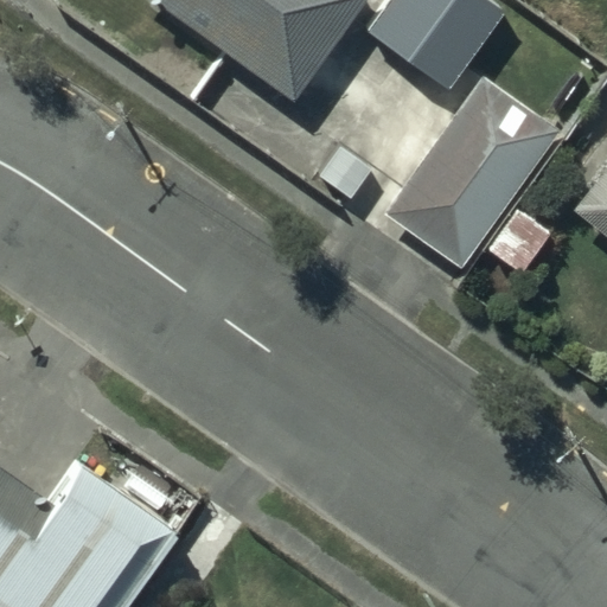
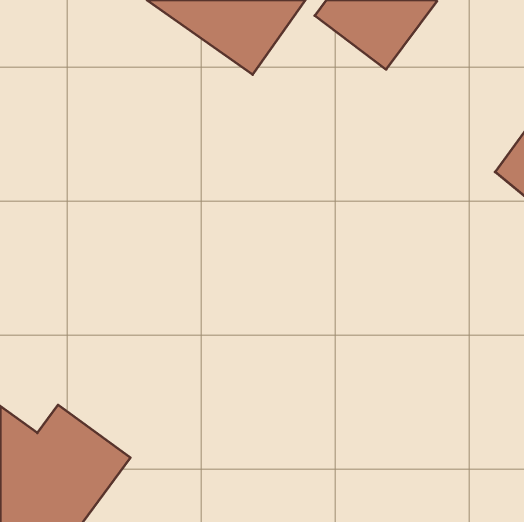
building: [386,74,564,267] -> none

